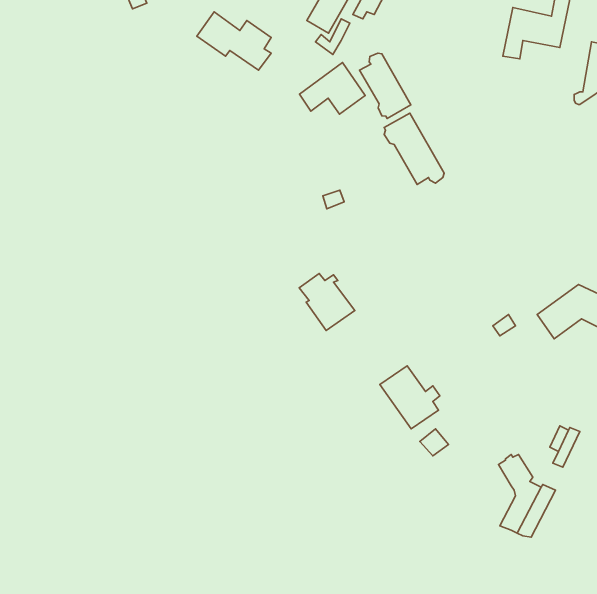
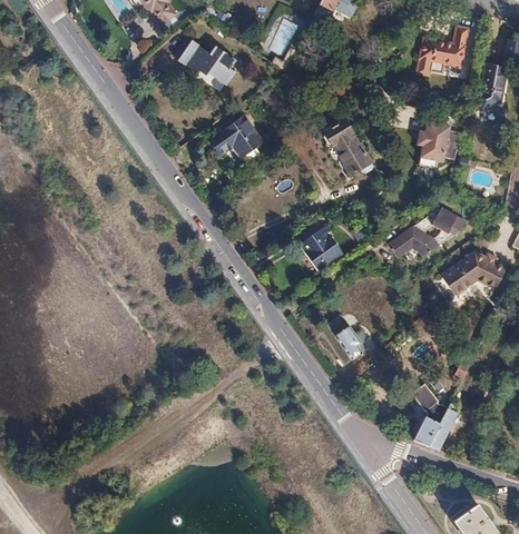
building: [360,53,411,119] -> none
building: [300,63,365,114] -> [210,118,262,158]
building: none -> [418,123,460,170]
building: none -> [389,207,466,257]
building: [299,273,355,331] -> [300,224,343,268]

